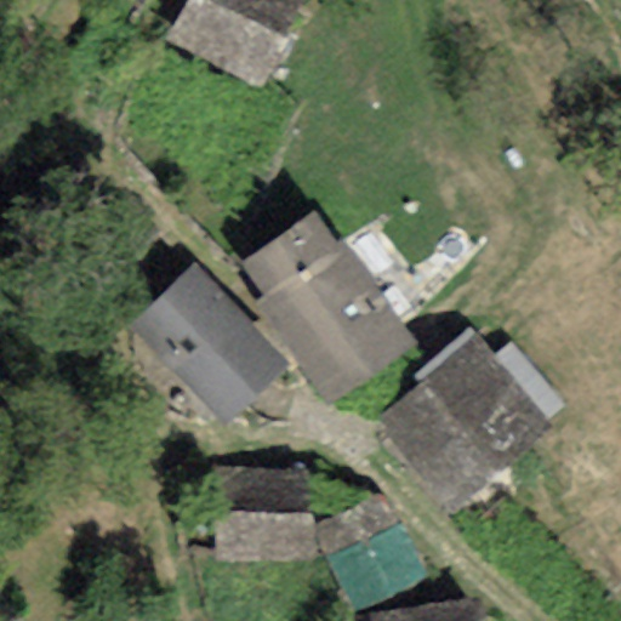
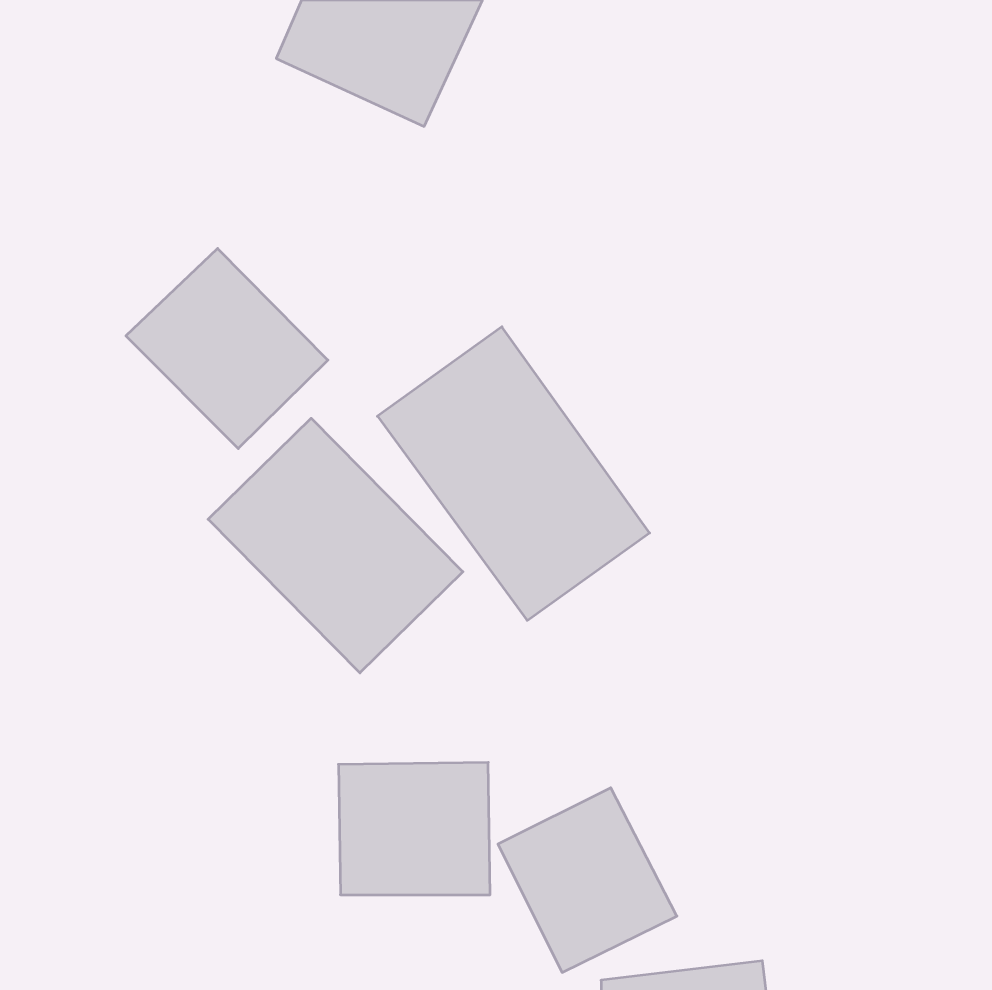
building: none -> [126,248,328,449]
building: [378,336,549,506] -> none

